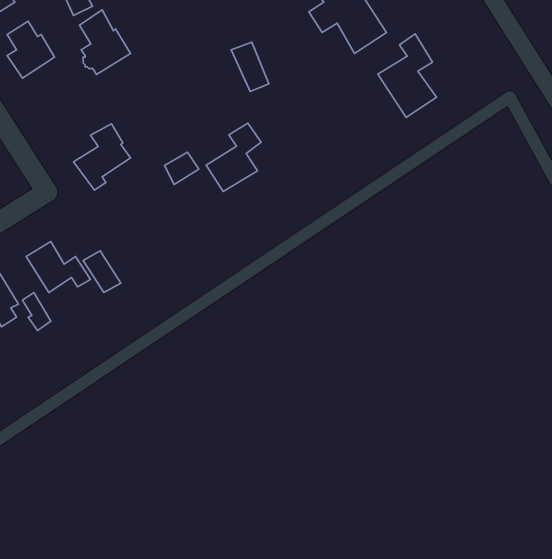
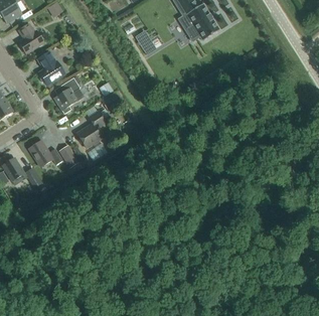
building: [79,10,131,74] -> [37,50,64,85]
building: [378,34,436,118] -> none
building: [206,123,261,192] -> [76,111,106,147]

